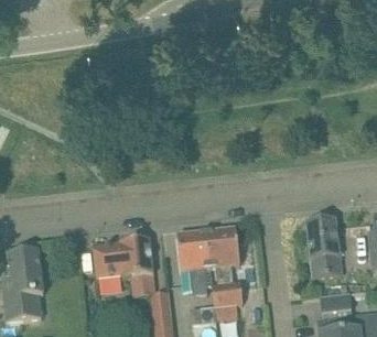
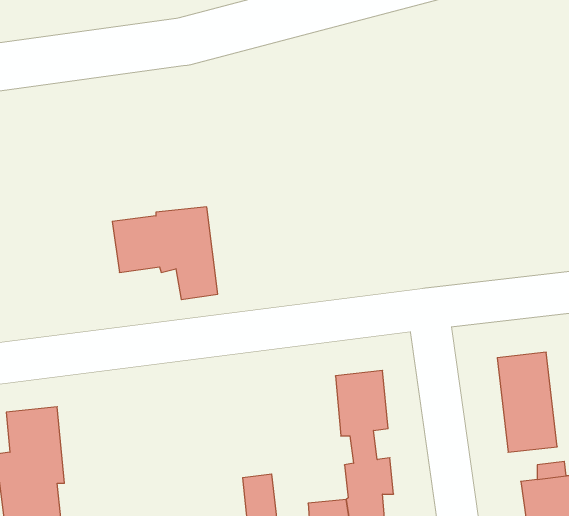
building: [177,230,211,293] -> none
building: [93,237,157,293] -> [112,207,218,300]

